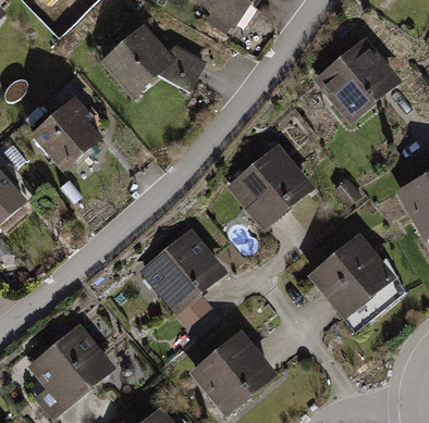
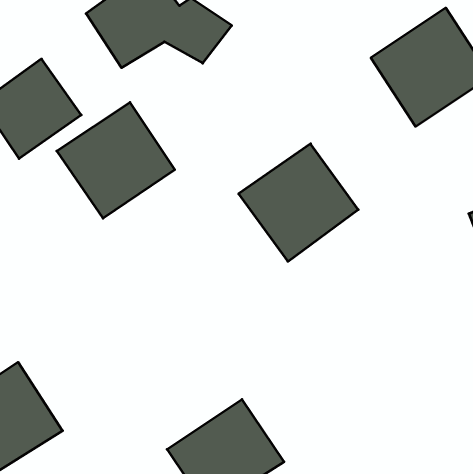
building: [305,225,397,321] -> none
building: [138,229,225,315] -> [57,102,175,218]

